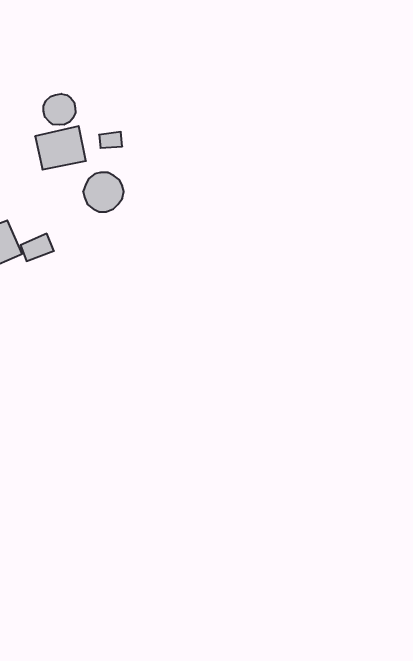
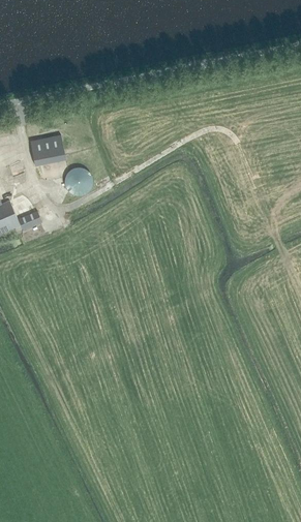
building: [43,94,75,125] -> none

